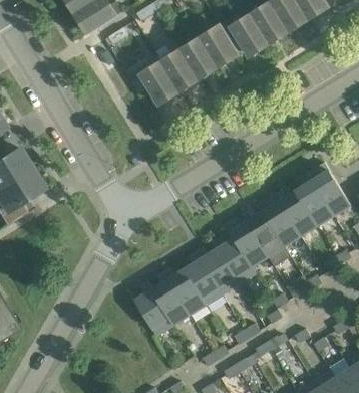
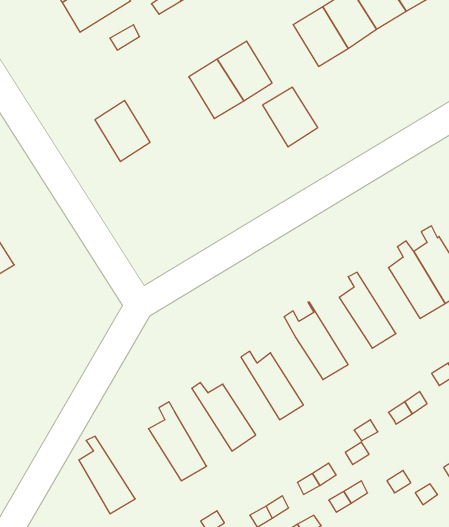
building: [201,26,238,66] -> [263,87,318,147]
building: [141,62,178,104] -> [95,100,150,162]
building: [275,190,317,235] -> none
building: [243,210,291,266] -> none
building: [213,237,257,283] -> none
building: [185,251,223,304] -> none
building: [152,272,191,325] -> [79,436,135,514]

